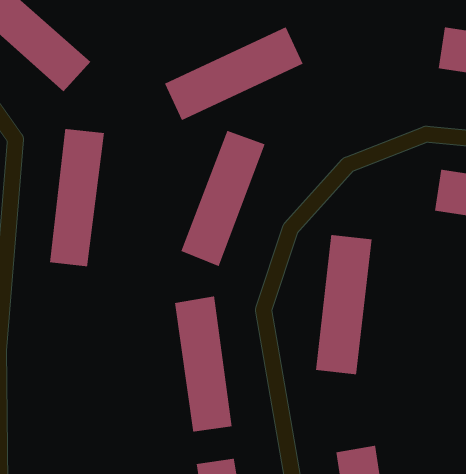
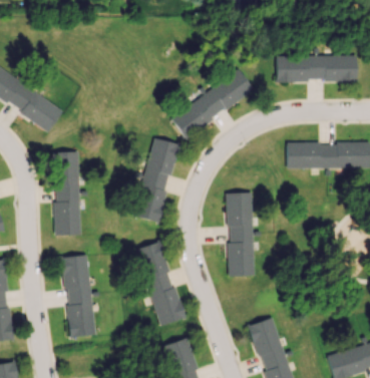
building: [164,27,303,121] -> [170,70,254,137]
building: none -> [63,255,92,339]

